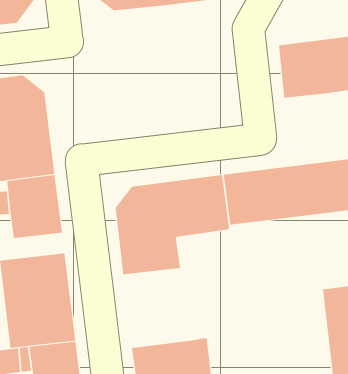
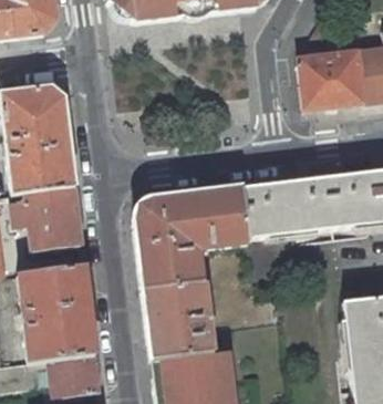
building: none -> [143,280,213,360]

